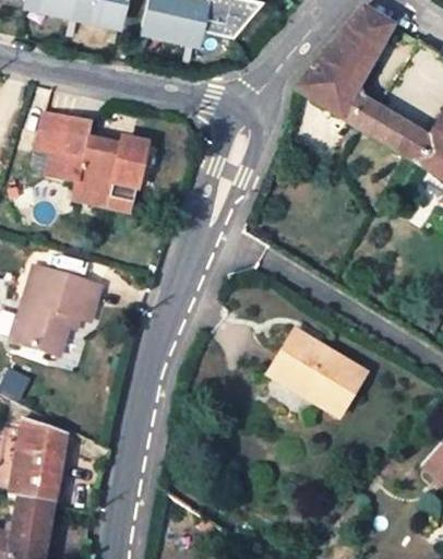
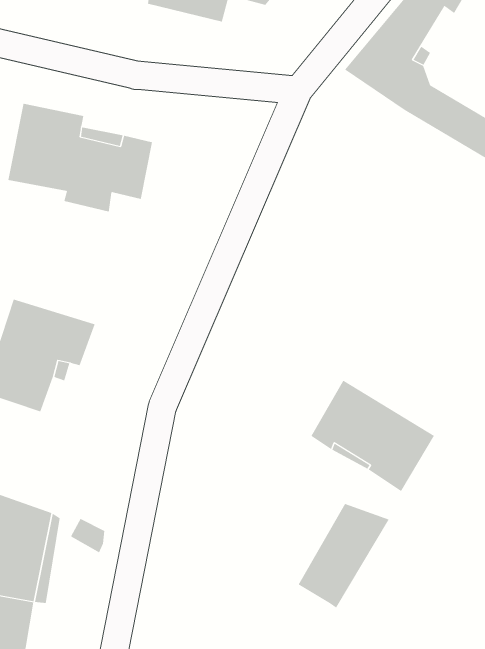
building: [74,182,137,212] -> none
building: none -> [298,503,390,608]

